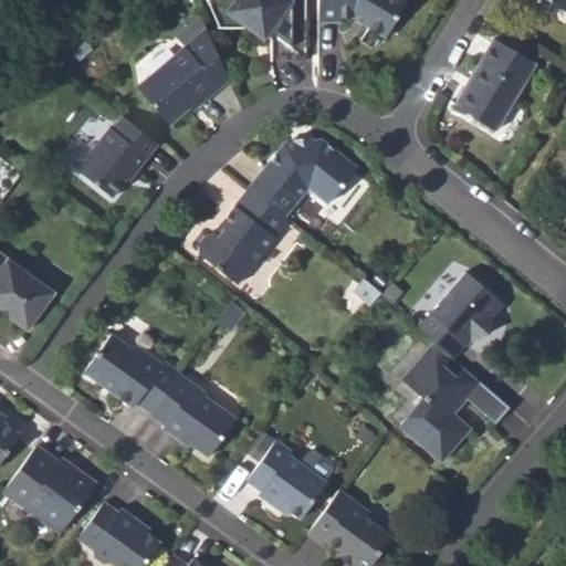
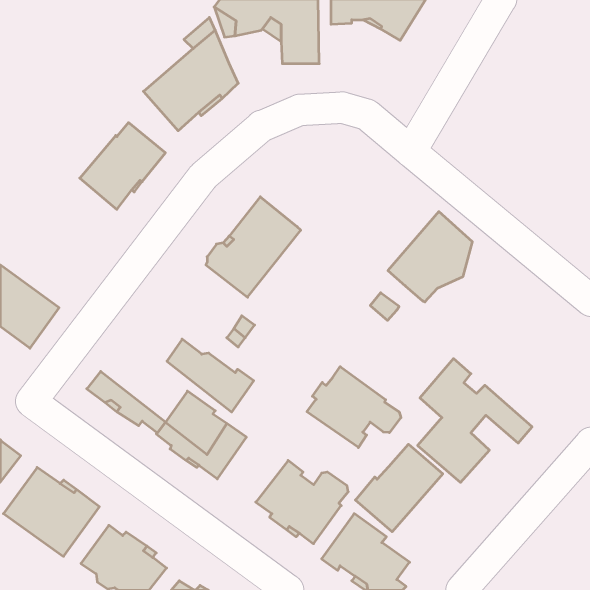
building: [457,33,541,124] -> none
building: [250,138,357,217] -> none
building: [418,272,499,358] -> [388,212,472,302]
building: [97,334,180,403] -> [167,339,254,412]
building: none -> [307,367,401,448]
building: none -> [355,444,443,532]

